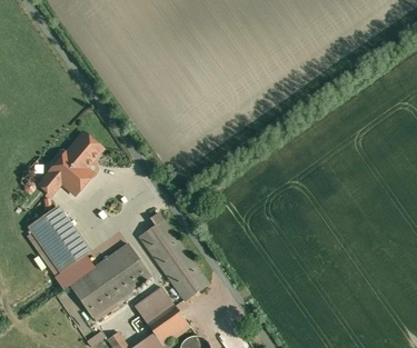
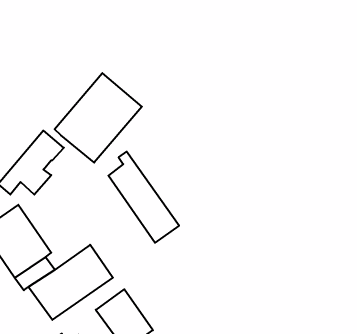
building: none -> [55,73,142,163]
building: [139,211,208,300] -> [108,152,179,243]

